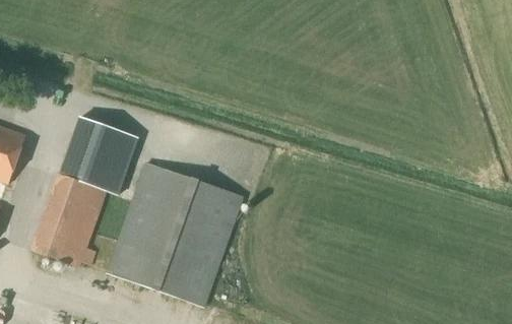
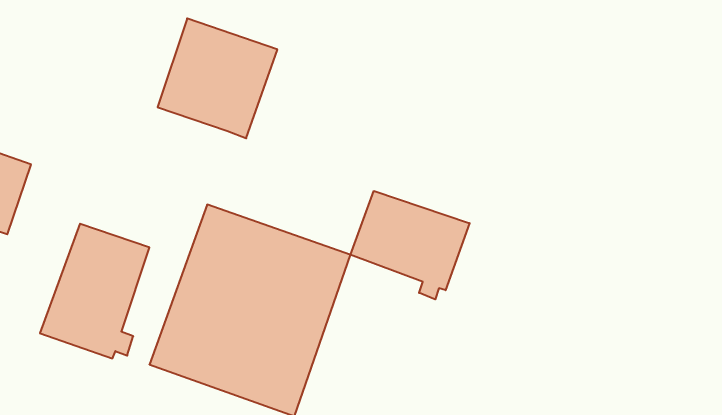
building: [57,114,139,196] -> [158,18,277,138]
building: none -> [351,191,470,299]

